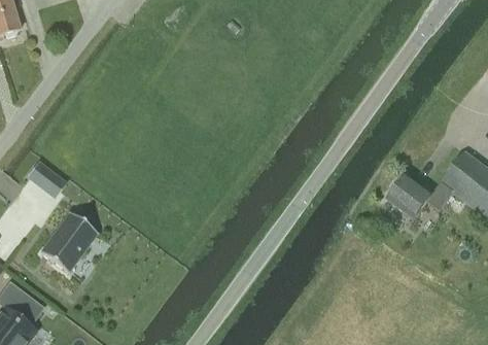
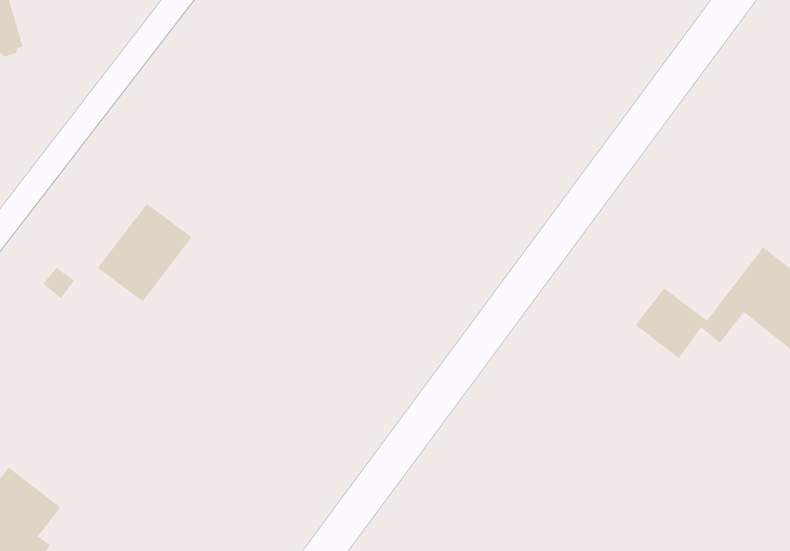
building: [40,212,98,272] -> [97,203,193,302]

